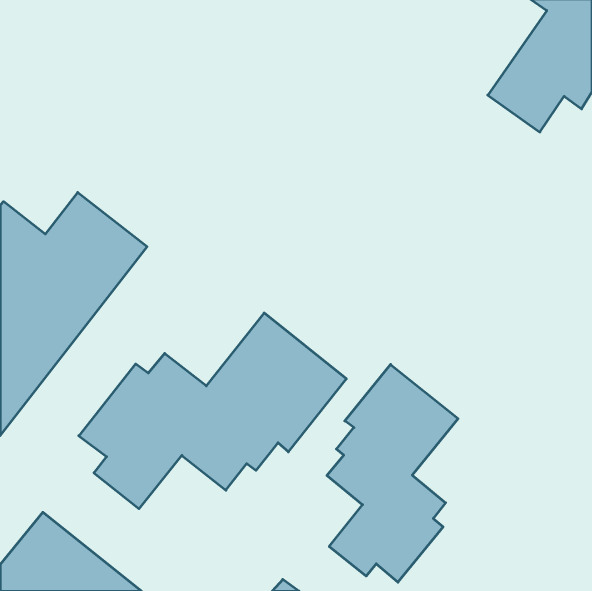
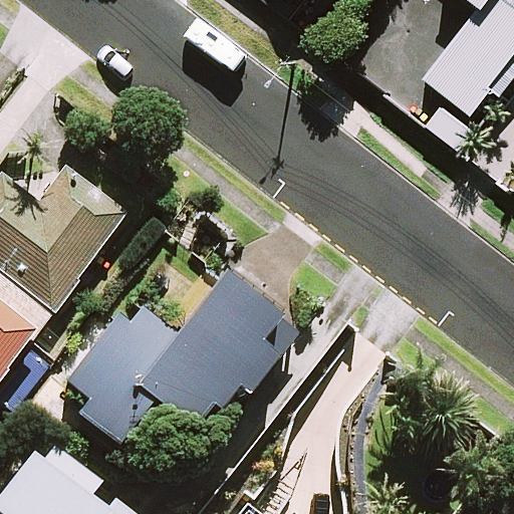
building: [327,364,458,582] -> none

